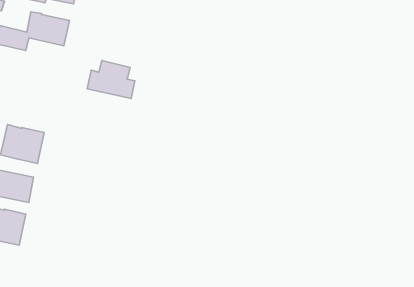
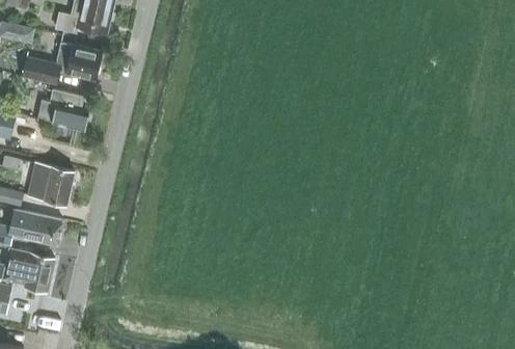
building: [87,61,135,98] -> [37,89,88,130]

